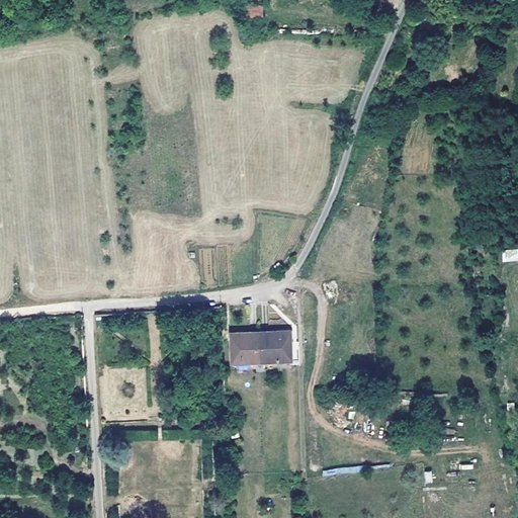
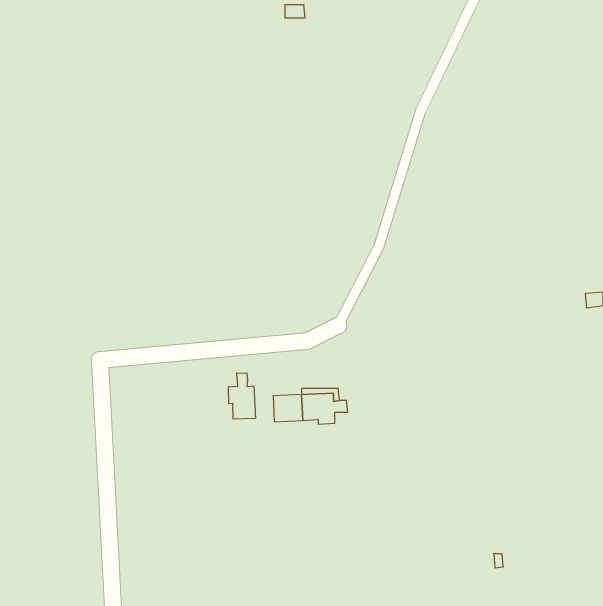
building: none -> [229,373,255,419]

